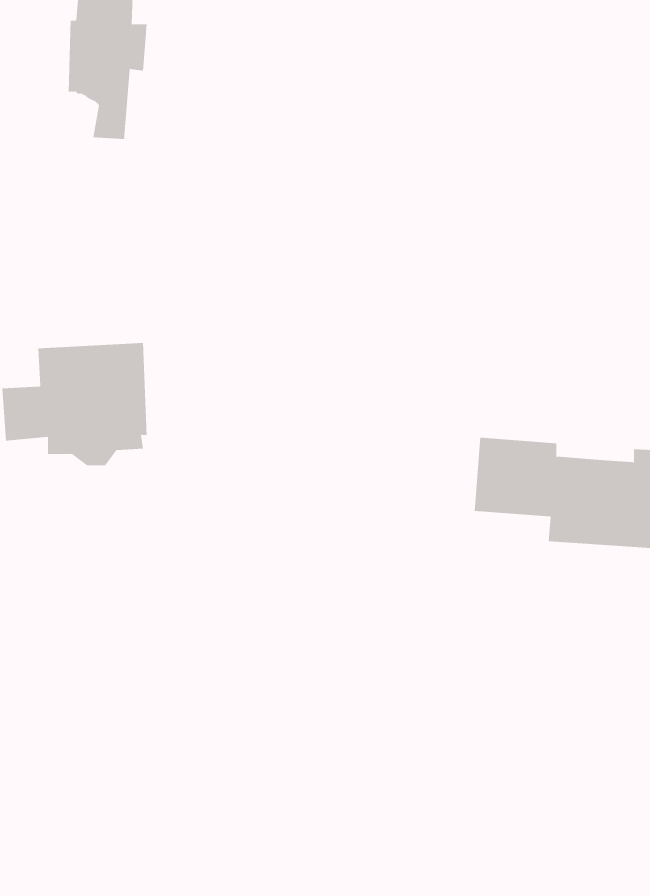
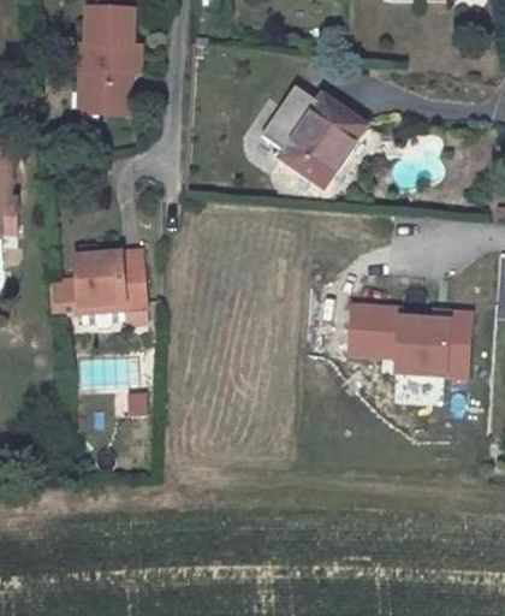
building: none -> [262,87,366,186]

